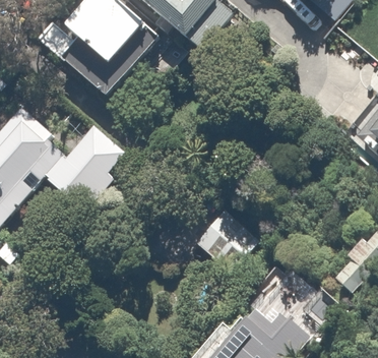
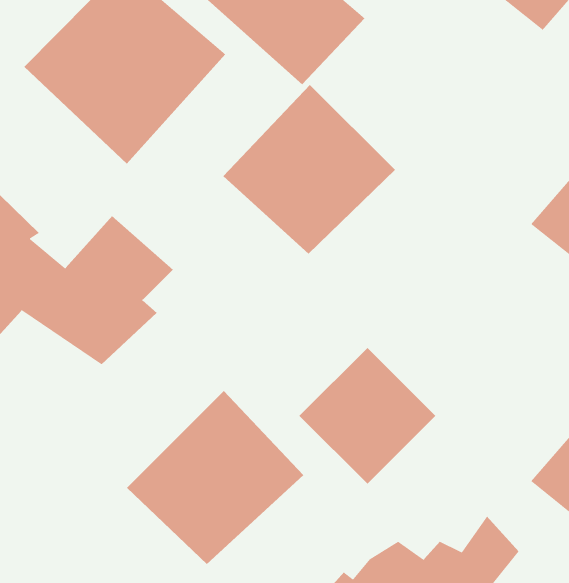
building: none -> [223,84,396,254]
building: none -> [126,390,304,565]

